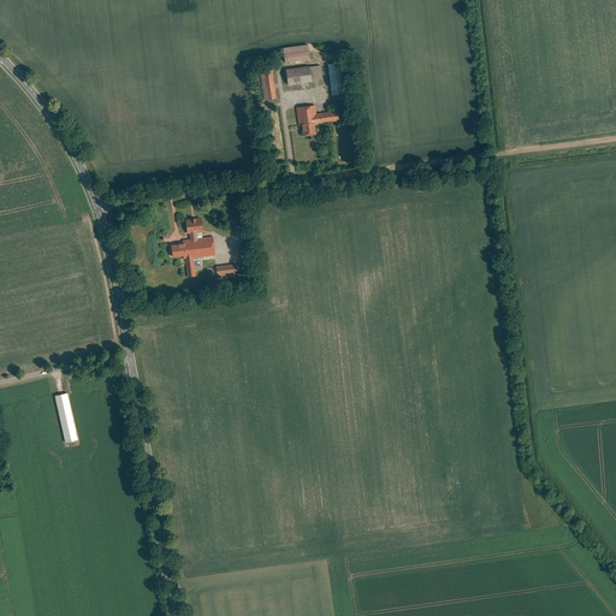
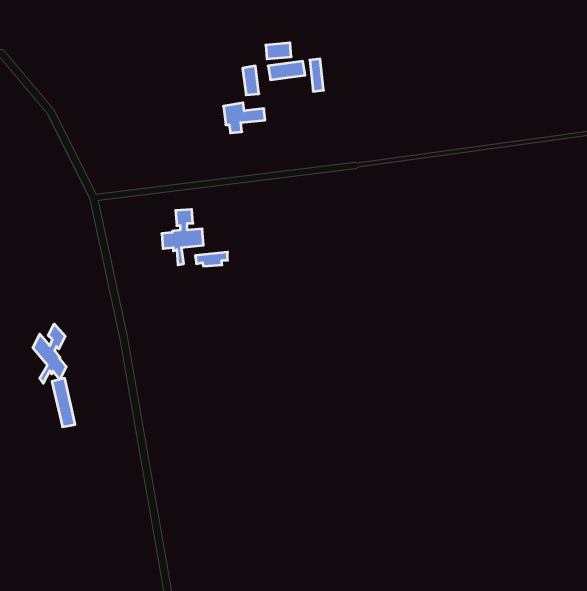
building: [297,103,340,135] -> [223,103,265,133]
building: none -> [33,324,66,383]

